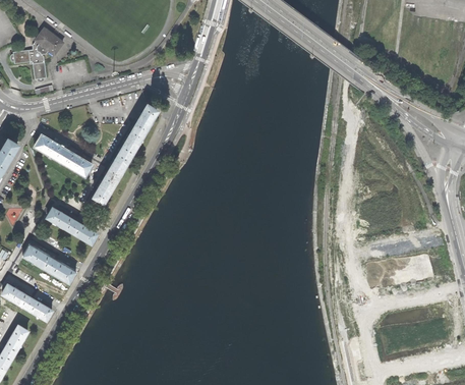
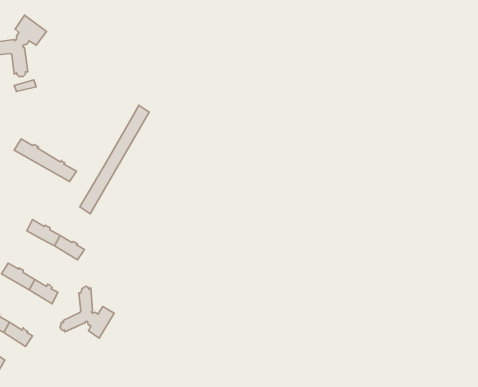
building: none -> [60,286,114,338]

